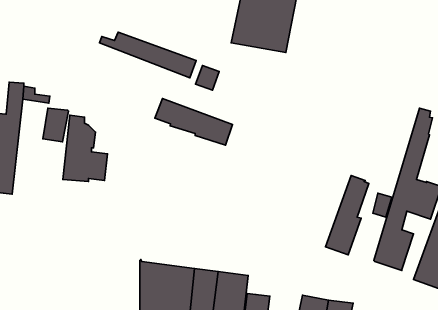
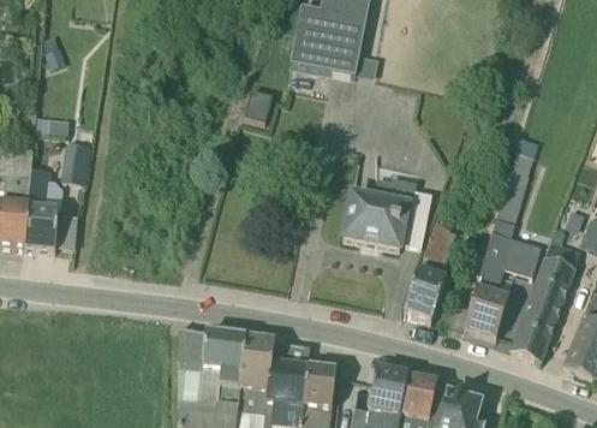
building: [99,32,196,78] -> none
building: [155,99,233,145] -> none
building: [63,115,107,182] -> [23,168,77,249]
building: none -> [340,178,431,249]

